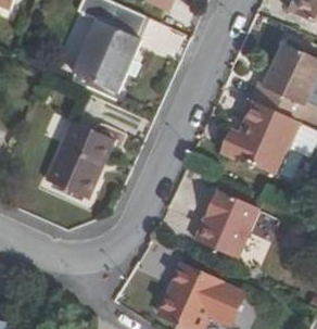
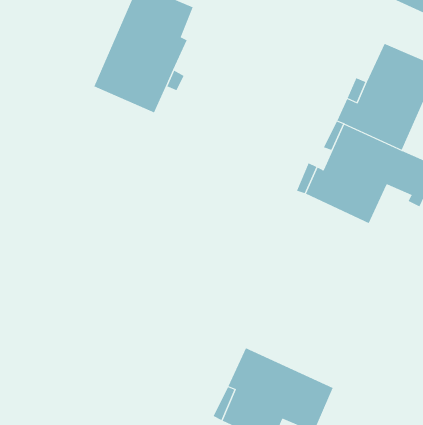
building: [46,123,111,202] -> none
building: [195,187,262,258] -> none

